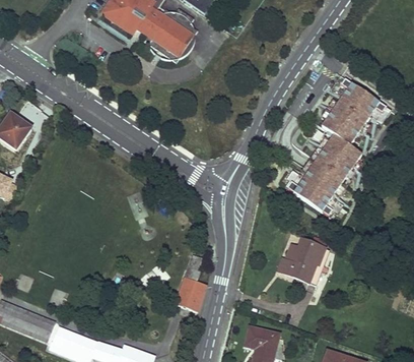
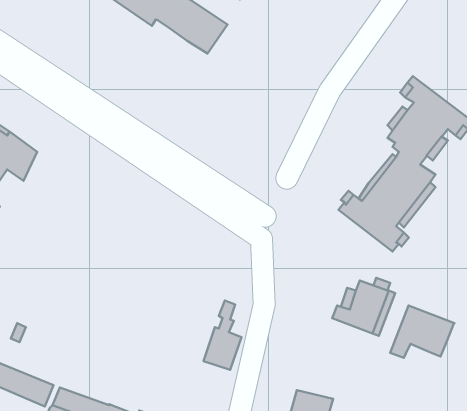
building: none -> [390,306,454,358]

